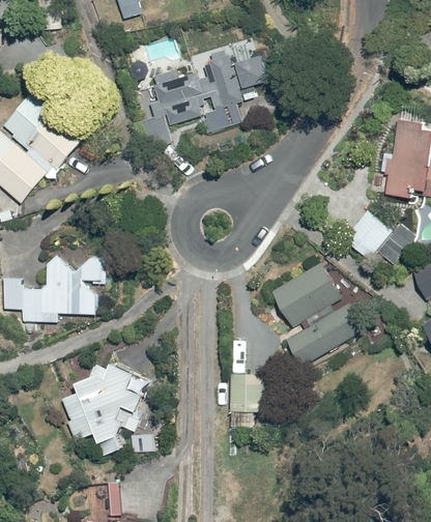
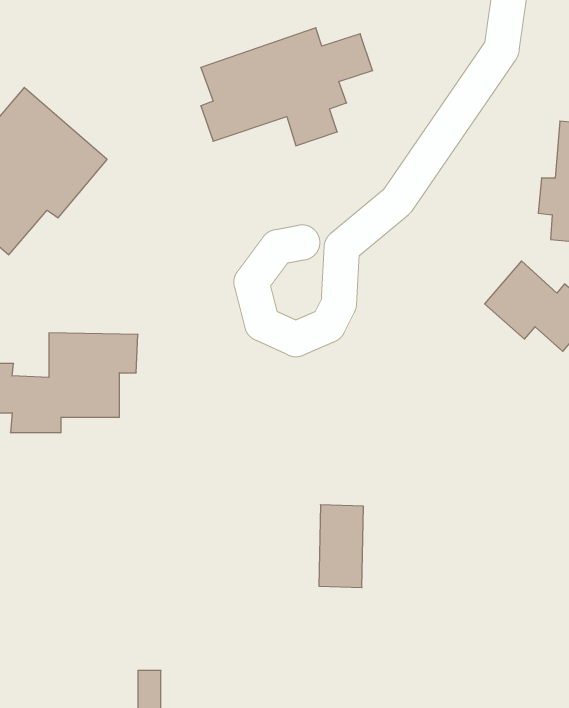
building: [270,256,366,368] -> none
building: [62,361,153,455] -> none

